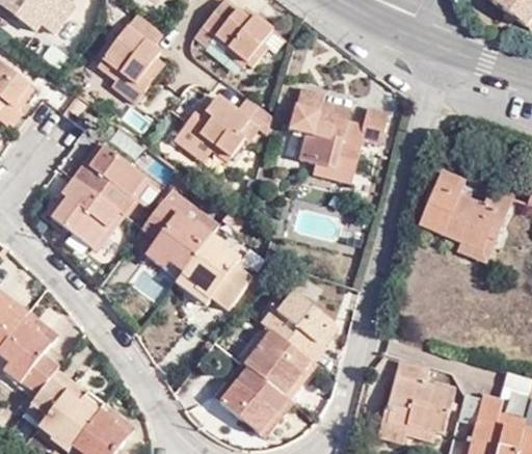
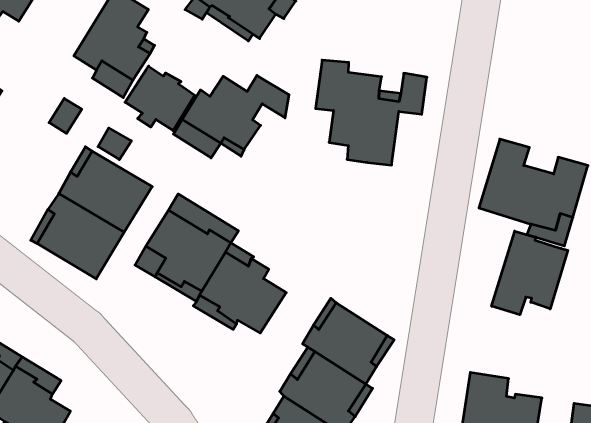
building: none -> [125,66,195,131]
building: none -> [492,231,568,315]

